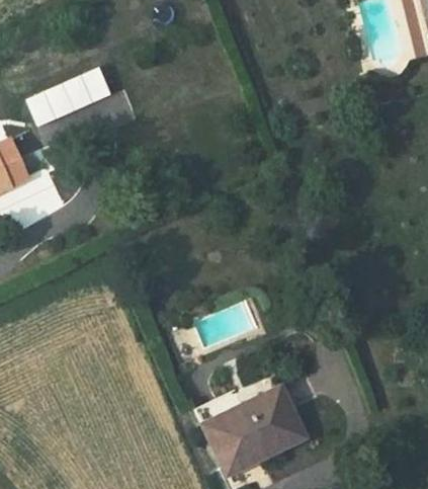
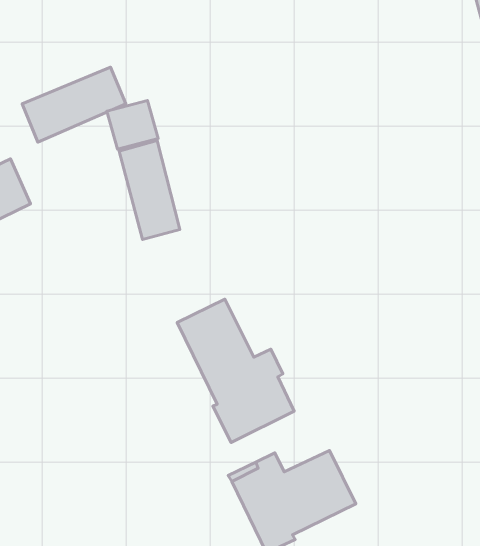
building: none -> [119,141,180,240]
building: none -> [177,299,294,442]

